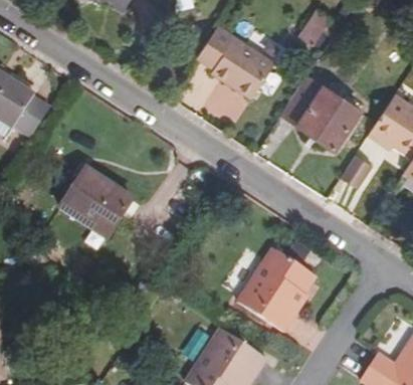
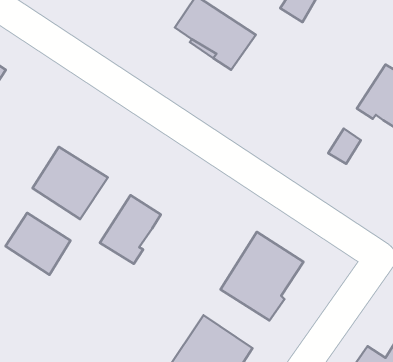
building: [279,74,360,149] -> none
building: none -> [100,195,161,264]
building: none -> [6,213,71,275]

